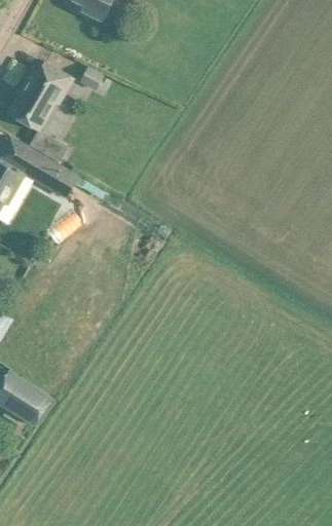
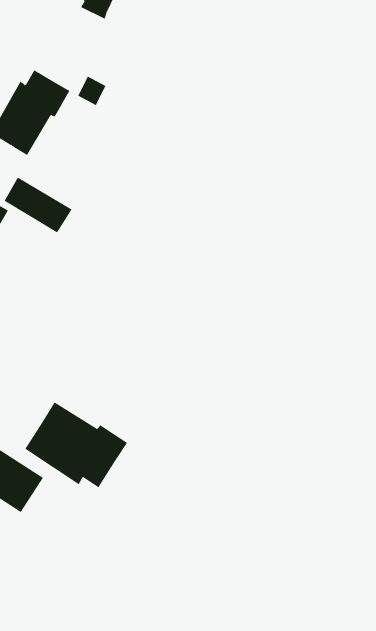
building: none -> [25,401,128,488]

